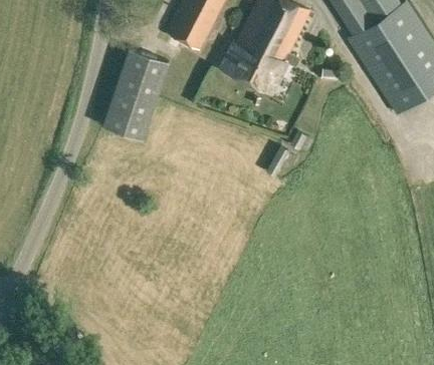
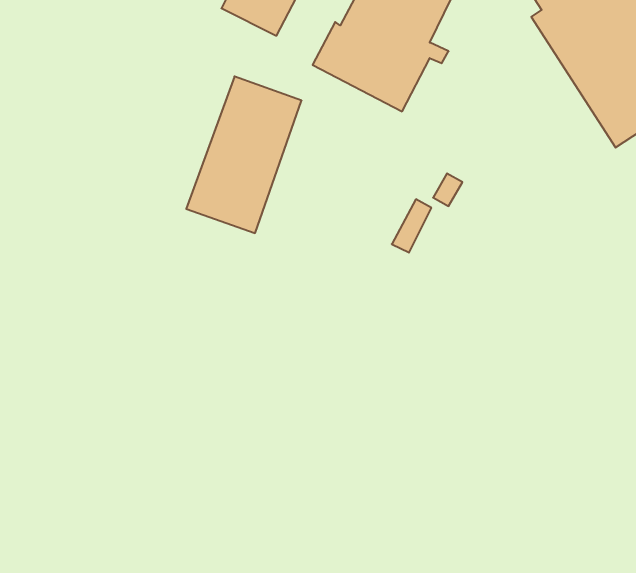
building: [100,48,168,139] -> [186,76,302,233]

